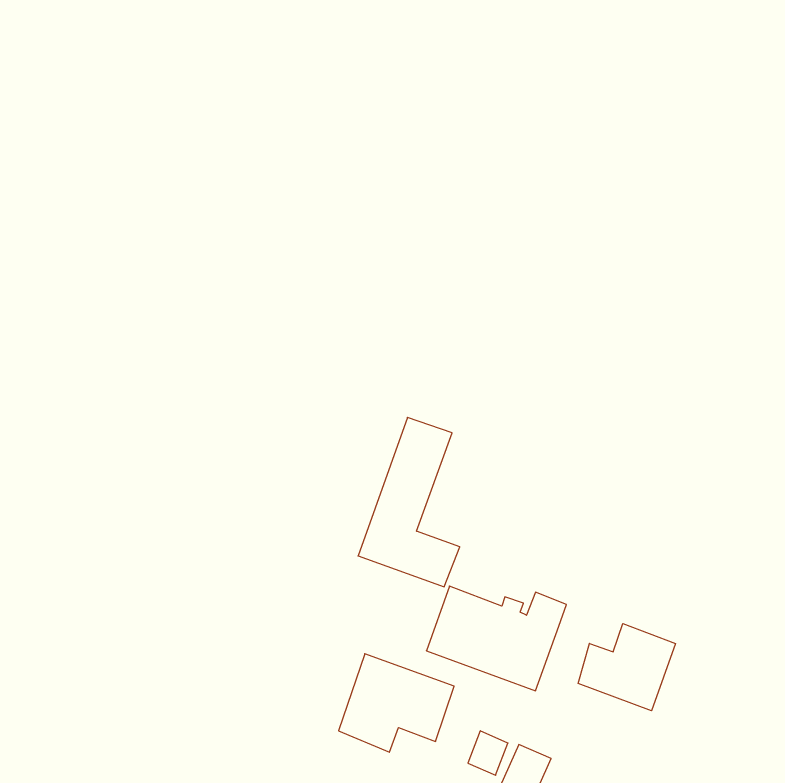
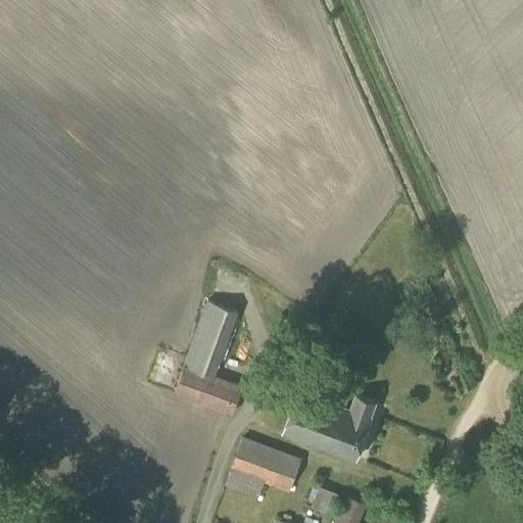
building: [358,417,460,587] -> [176,302,243,415]
building: [578,624,675,711] -> none

